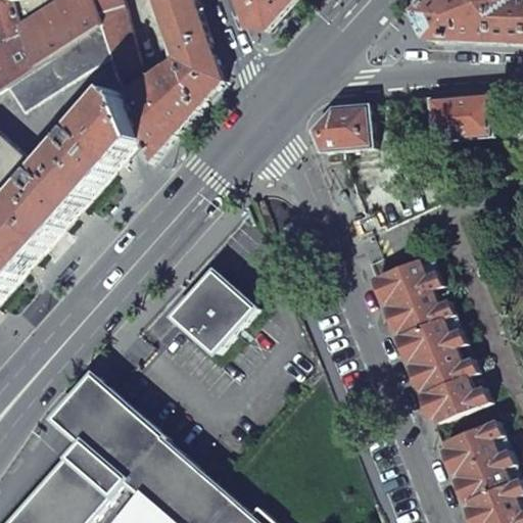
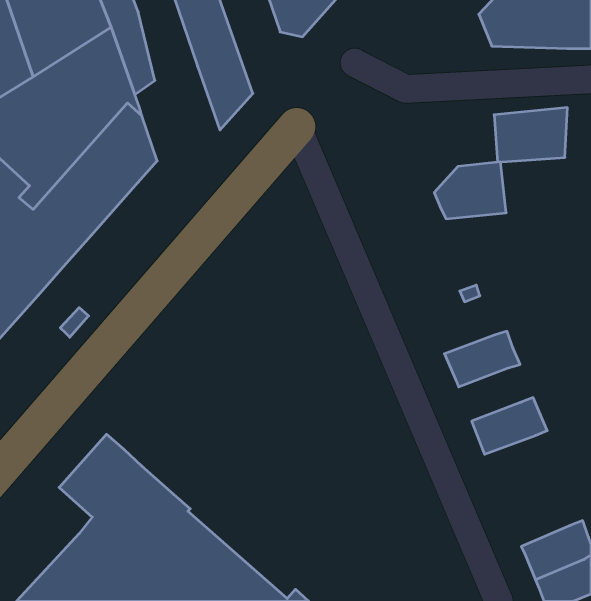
building: [121,57,190,162] -> none
building: [307,104,370,153] -> [434,162,506,219]
building: [373,255,438,305] -> none
building: [171,272,251,352] -> none
building: [396,315,461,364] -> none
building: [419,372,484,423] -> none
building: [438,421,504,472] -> none

